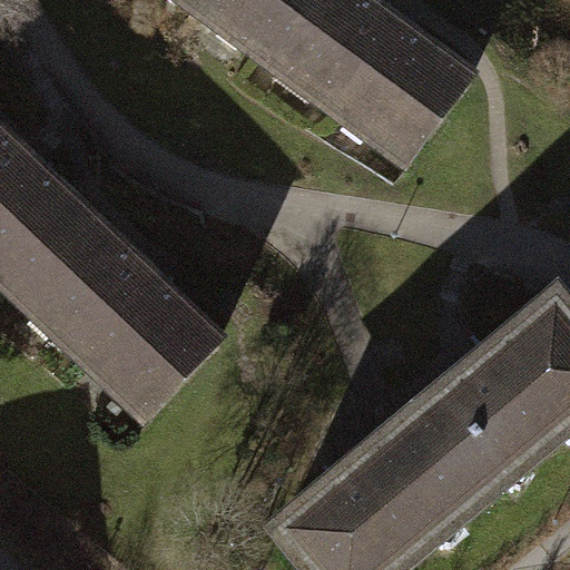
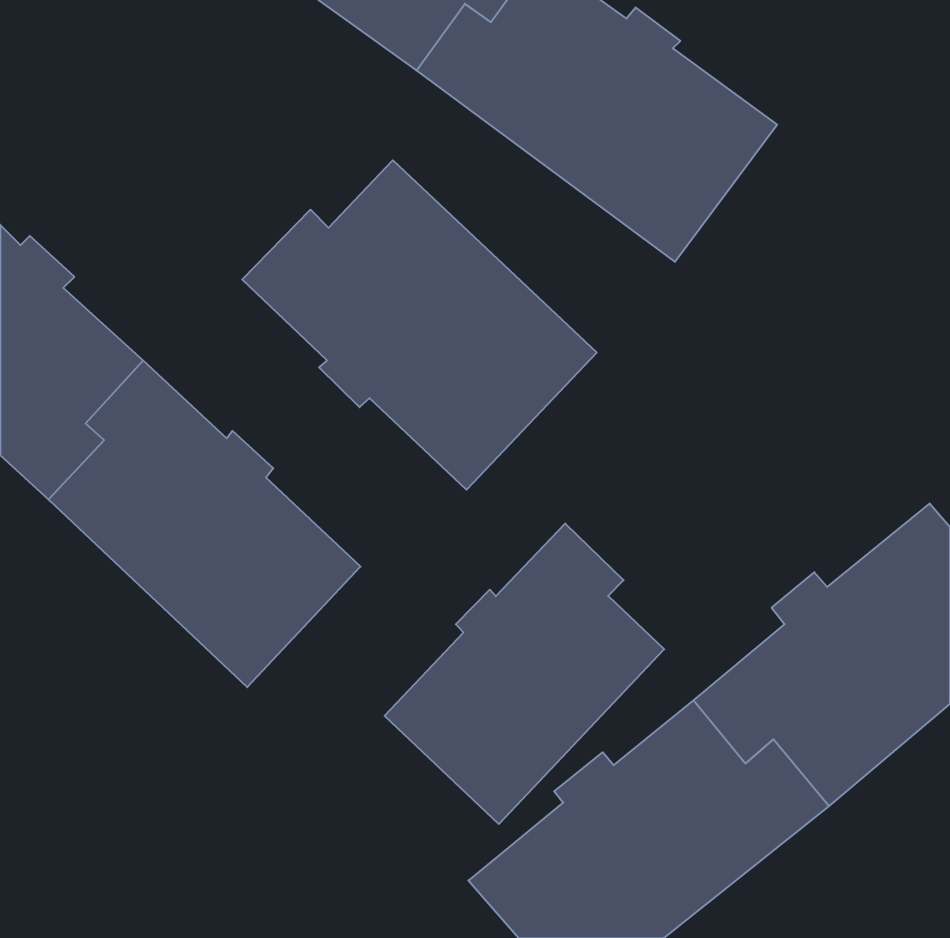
building: none -> [242,160,597,490]
building: none -> [385,523,664,824]

